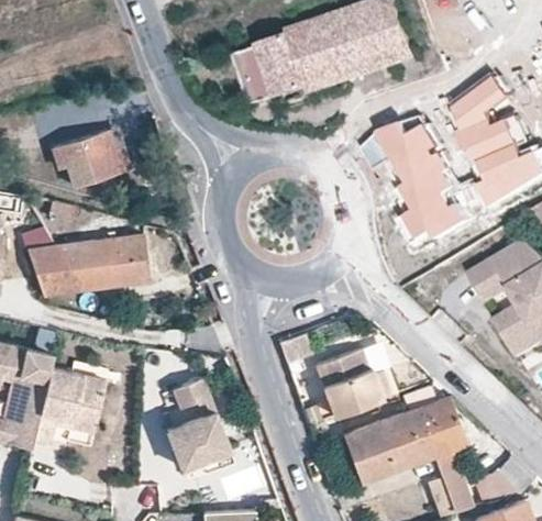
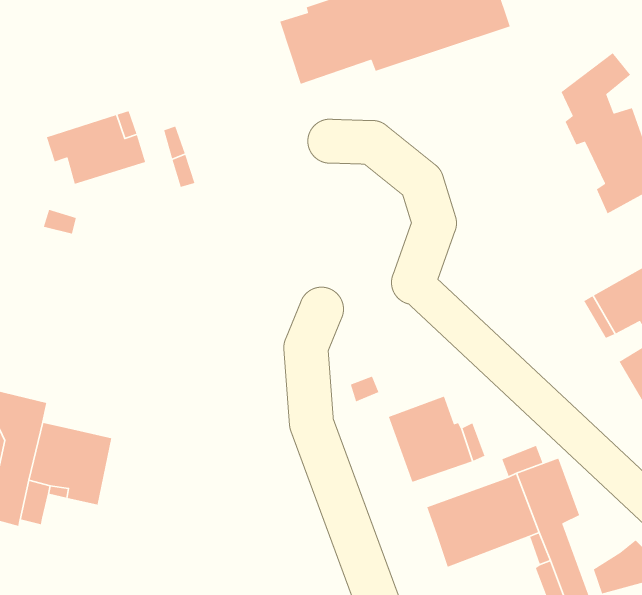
building: [360,122,465,239] -> none
building: [27,236,150,299] -> none
building: [162,377,225,468] -> none

